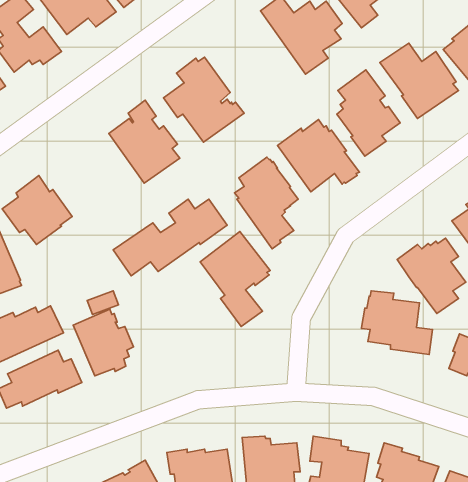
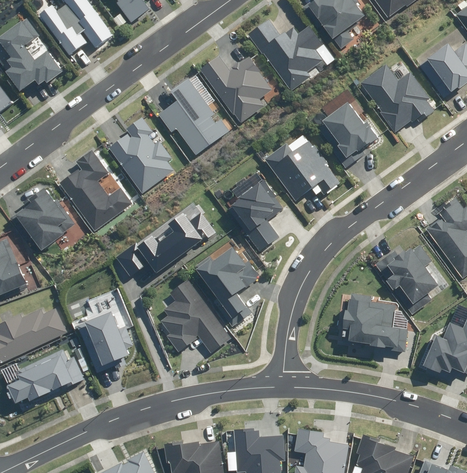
building: none -> [200,55,273,123]
building: none -> [58,149,132,231]
building: none -> [156,278,230,353]

